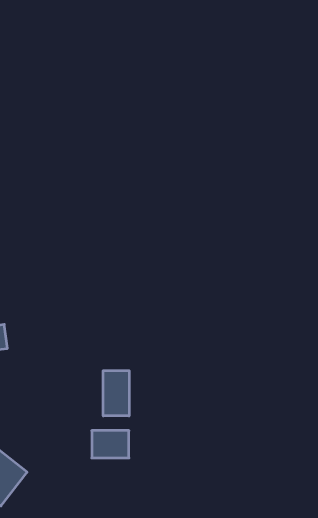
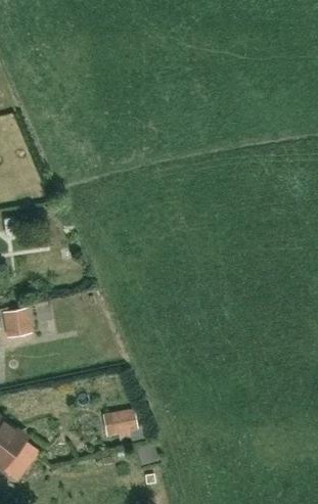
building: [103,371,129,416] -> none

